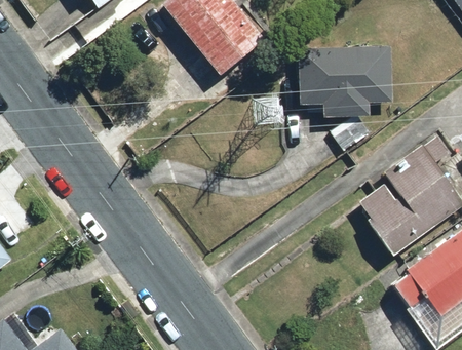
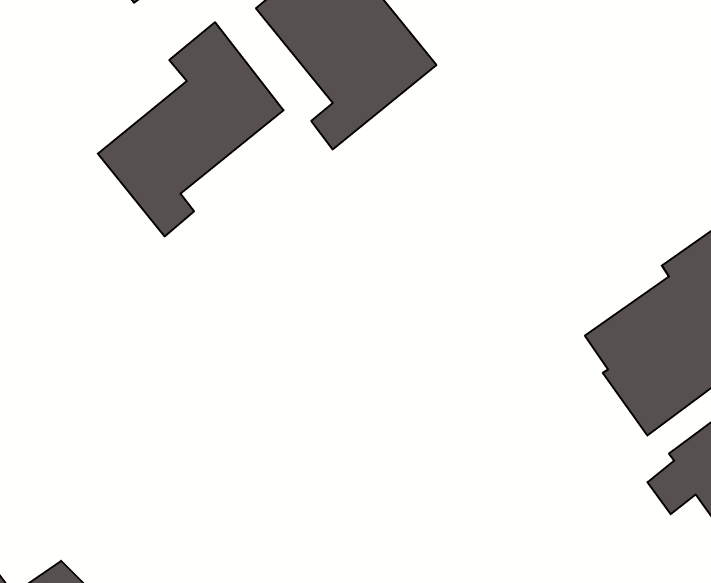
building: none -> [98,22,284,236]
building: [299,47,389,115] -> none

